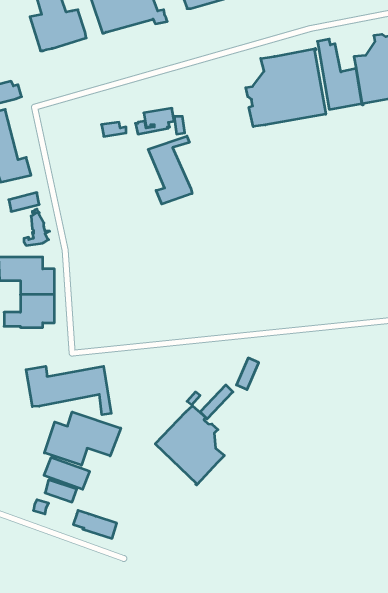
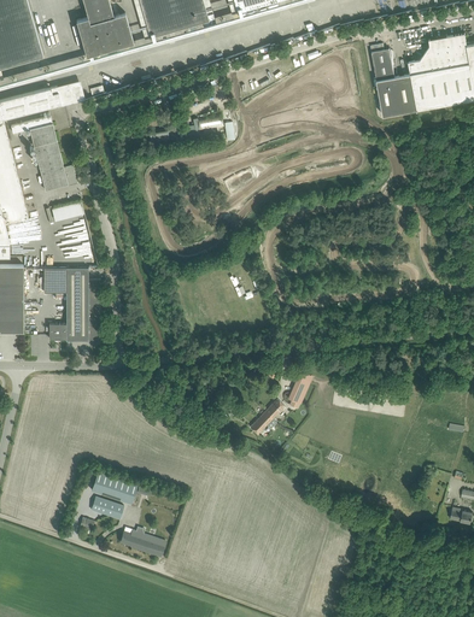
building: [246,48,326,127] -> none
building: [148,136,192,204] -> none
building: [26,366,111,415] -> none
building: [155,406,224,485] -> none
building: [44,412,121,465] -> none

